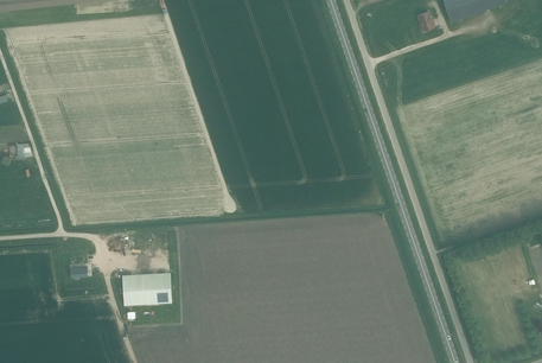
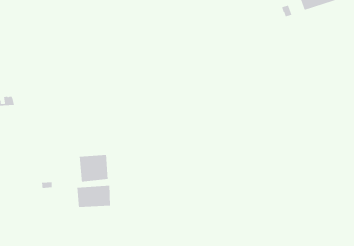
building: none -> [79,154,108,182]

